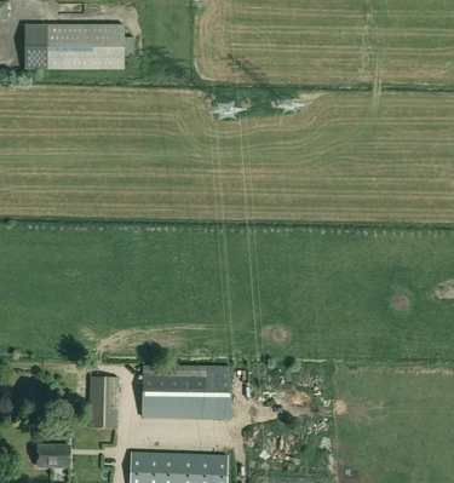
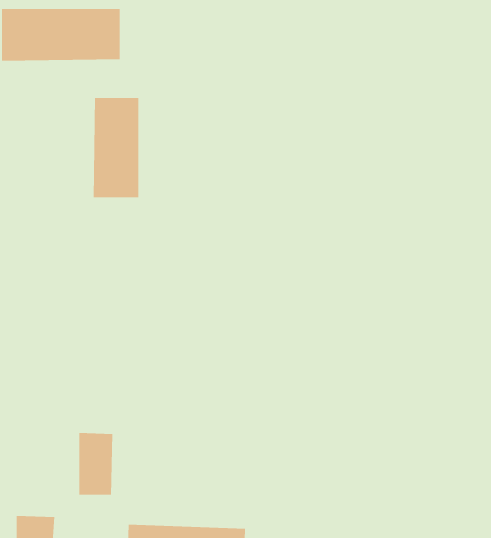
building: none -> [93,97,139,198]
building: [142,364,230,418] -> none

